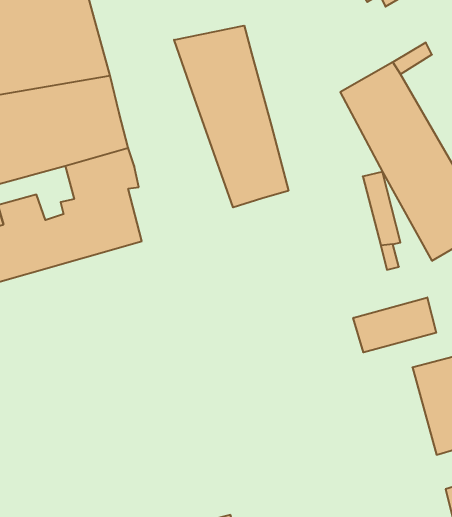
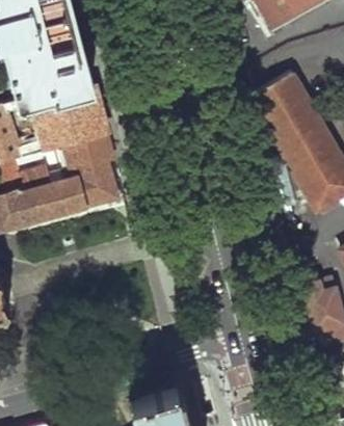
building: [174,26,288,207] -> none
building: [353,297,436,352] -> none

